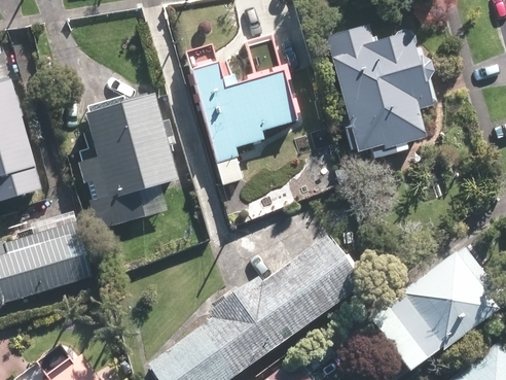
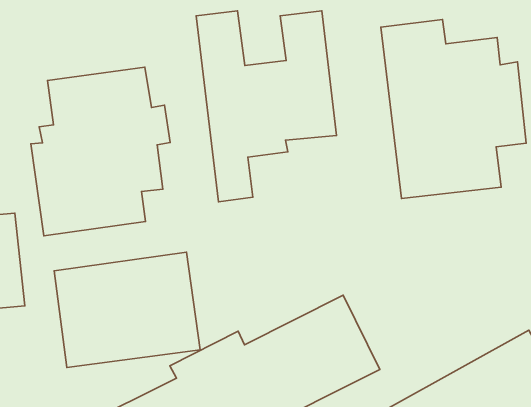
building: none -> [54,252,200,368]

